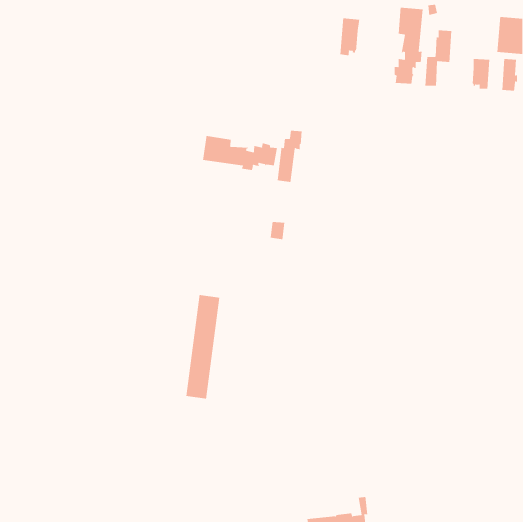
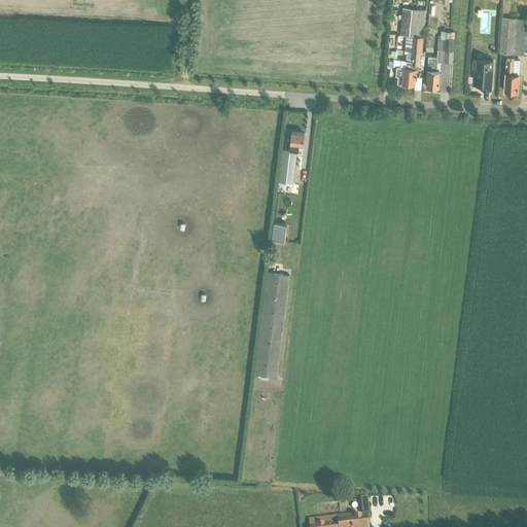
building: [340,18,360,56] -> none
building: [202,135,277,171] -> none
building: [185,295,220,399] -> [254,274,289,379]

